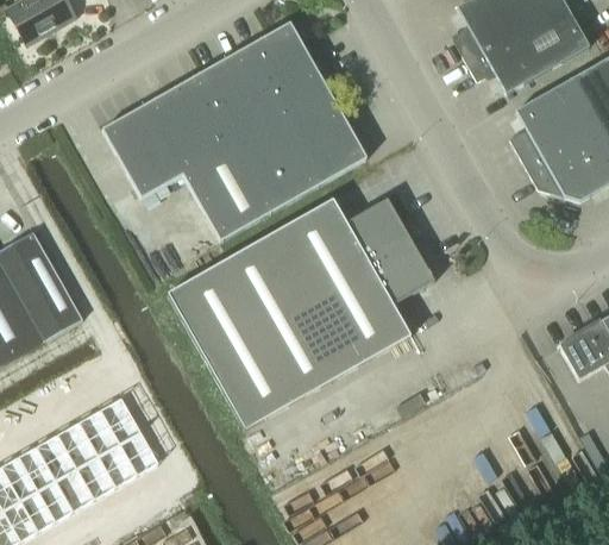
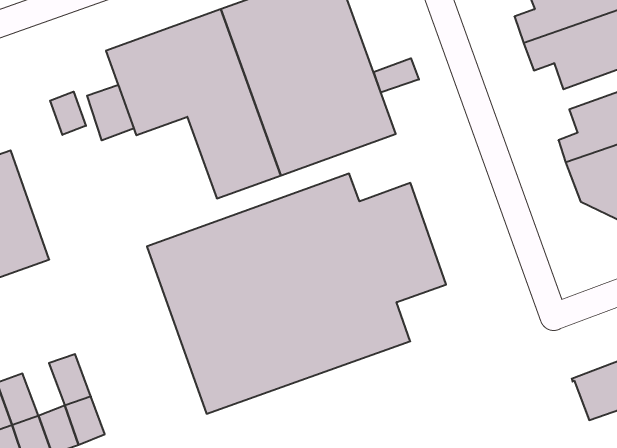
building: none -> [374,58,419,92]
building: none -> [87,85,134,140]
building: none -> [50,92,86,135]
building: [79,408,120,456] -> none

